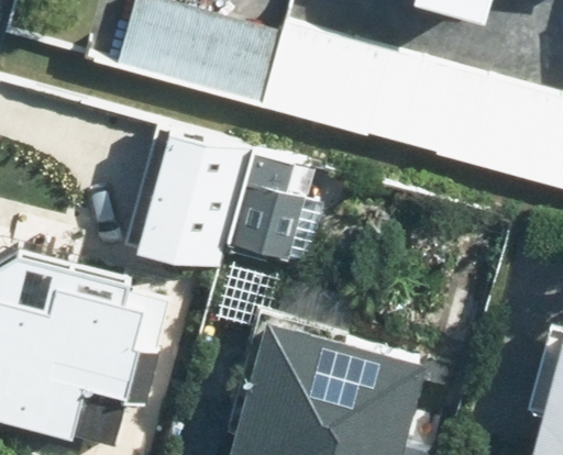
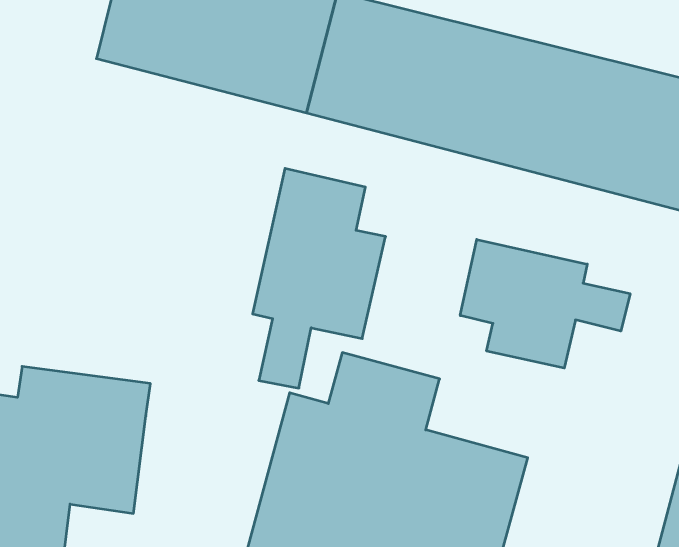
building: [133,129,254,268] -> none
building: none -> [460,239,630,368]

